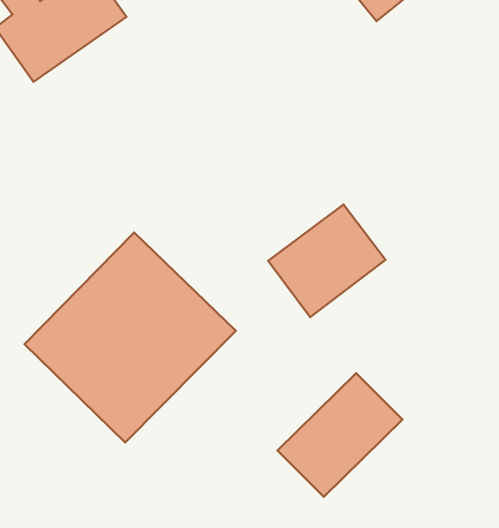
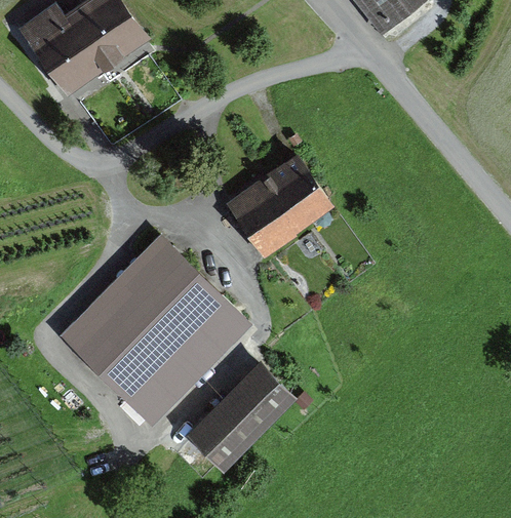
building: [268,204,385,317] -> [229,153,338,257]
building: [278,373,403,497] -> [185,354,301,469]

